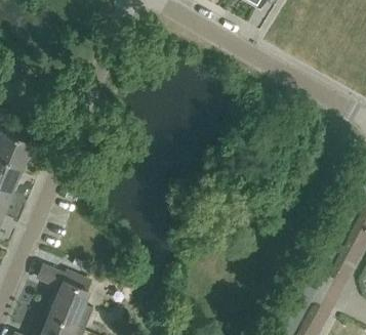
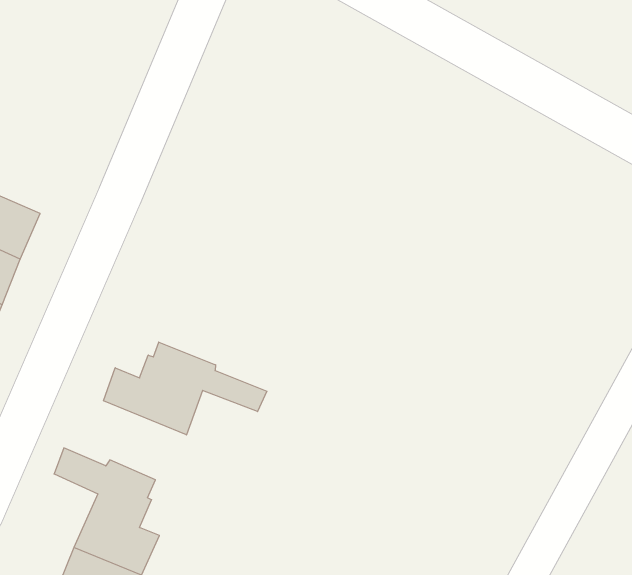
building: none -> [104,342,267,435]

